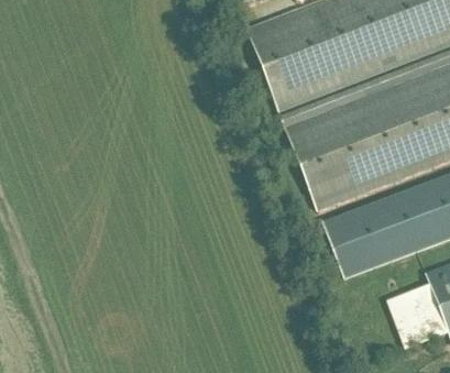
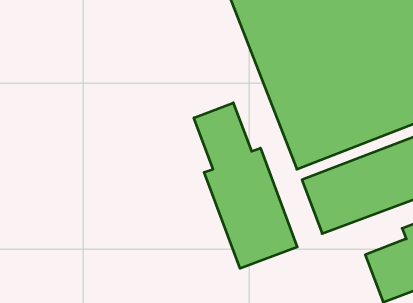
building: none -> [194,103,297,268]

